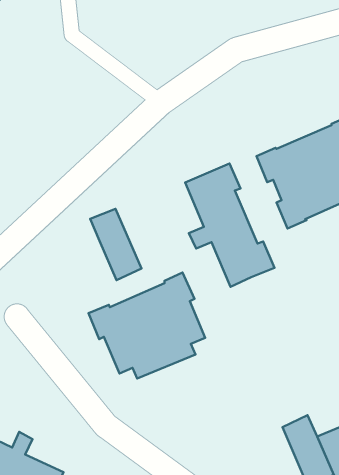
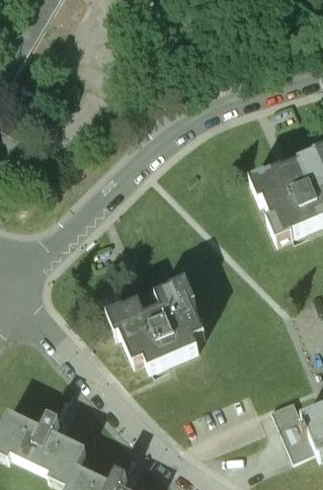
building: [185,163,275,287] -> none
building: [90,209,142,280] -> none

